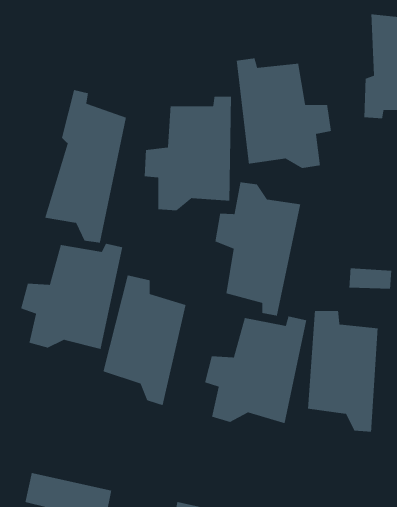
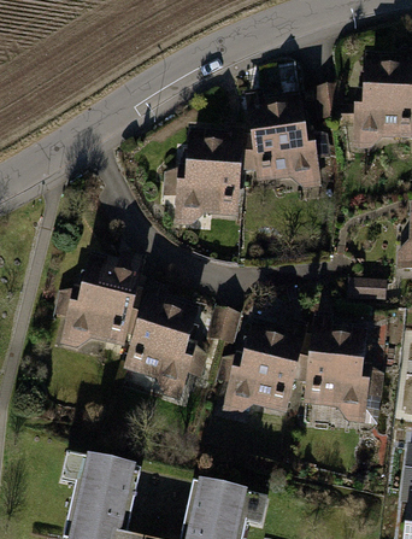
building: [44,89,127,243] -> none
building: [215,182,301,316] -> none

